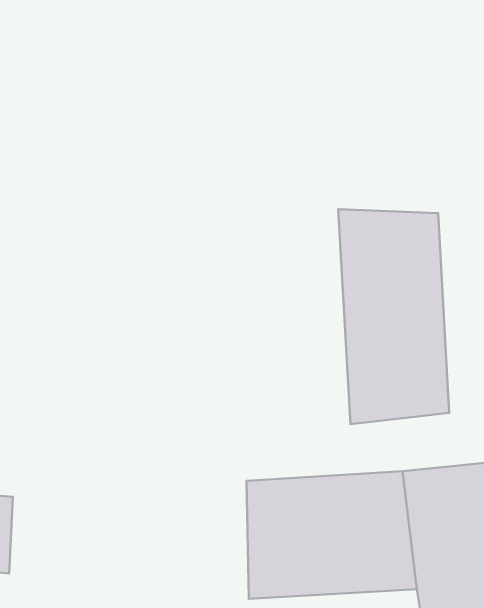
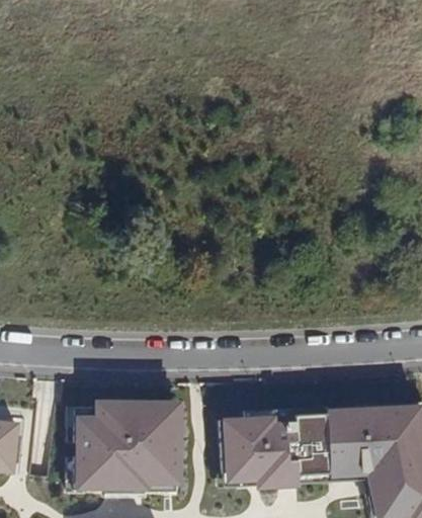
building: [338,209,449,424] -> none
building: none -> [75,398,185,497]

